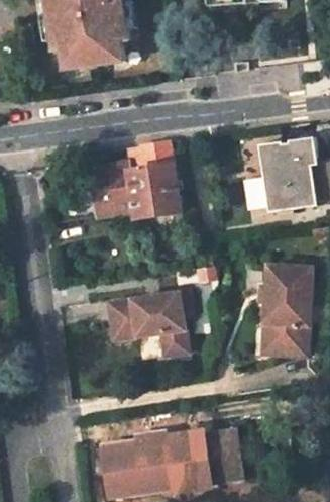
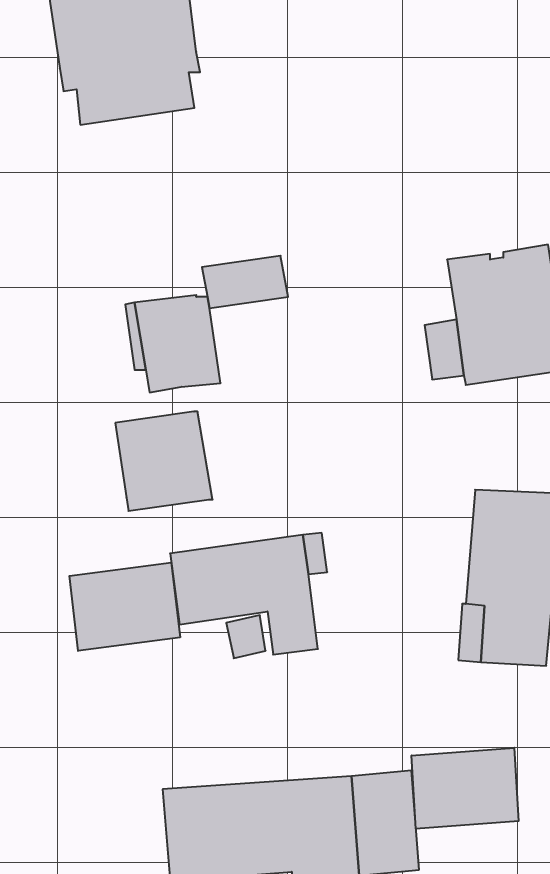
building: [128,165,181,218] -> [115,412,213,511]
building: none -> [69,563,180,651]
building: none -> [412,748,519,829]

